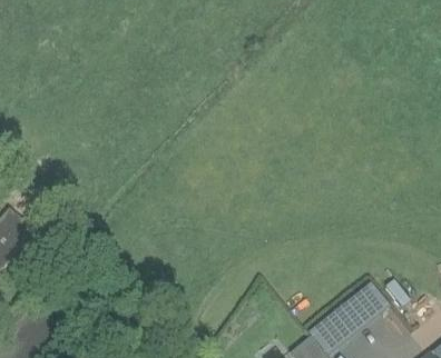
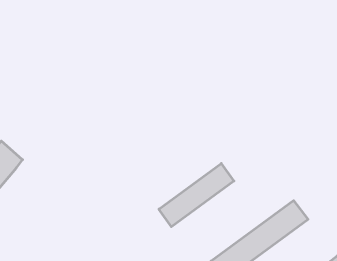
building: none -> [159,163,234,227]

